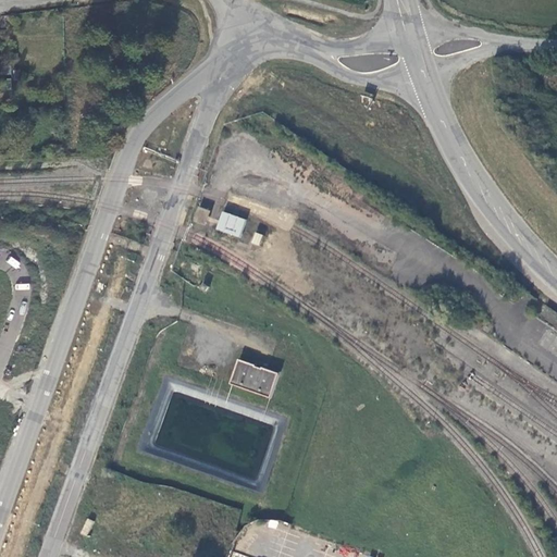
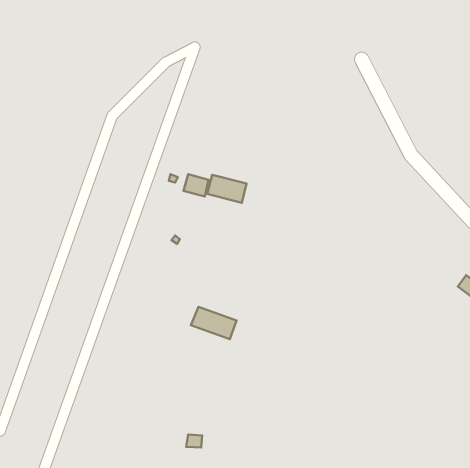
building: none -> [207,175,246,203]

